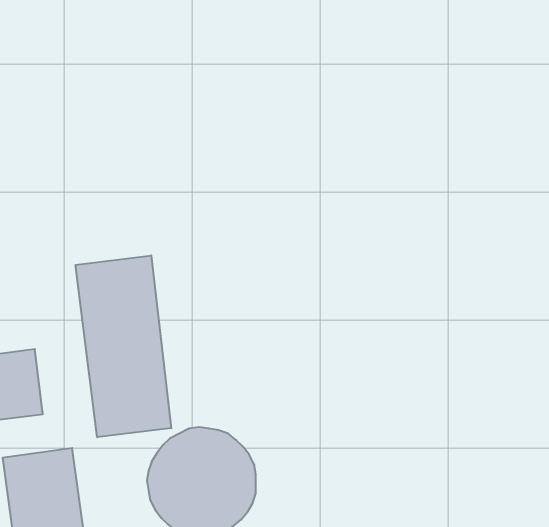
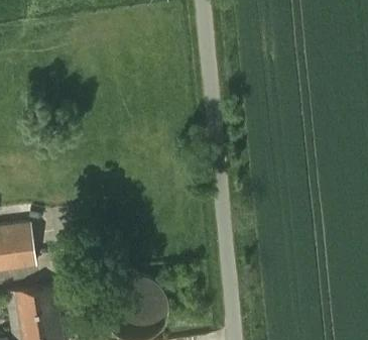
building: [76,255,171,437] -> none

